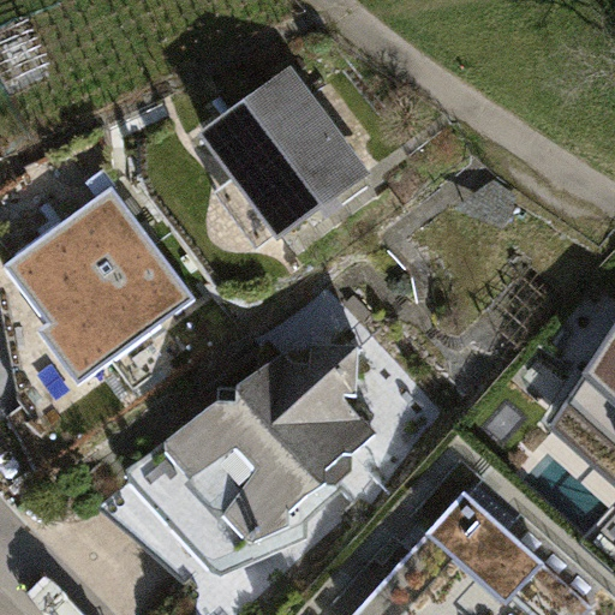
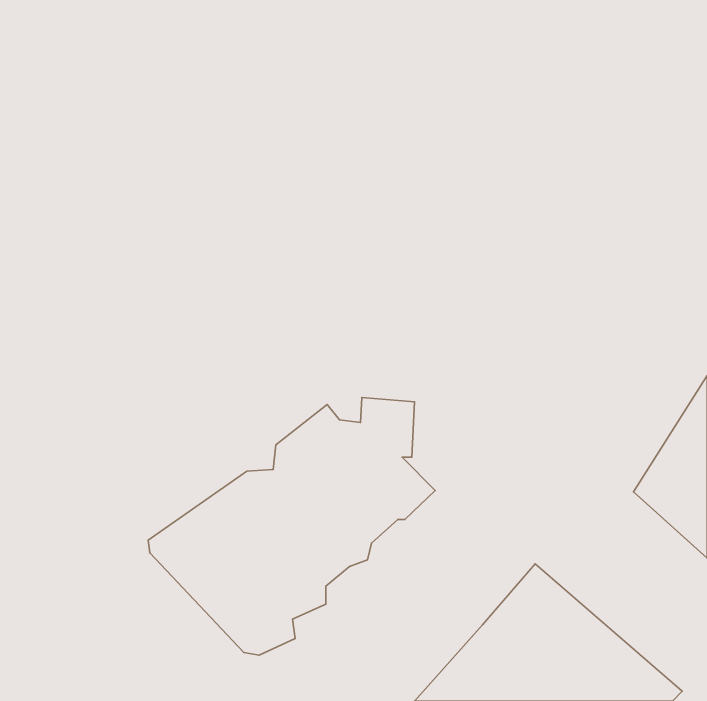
building: [208,71,362,229] -> none
building: [6,198,198,386] -> none

